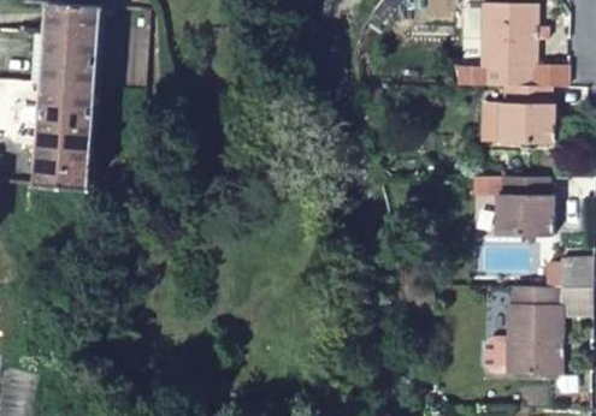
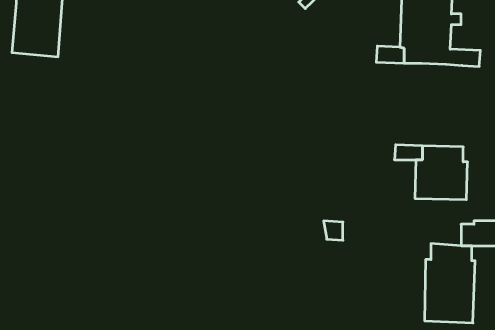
building: [34,73,94,180] -> none
building: [494,85,551,145] -> none

